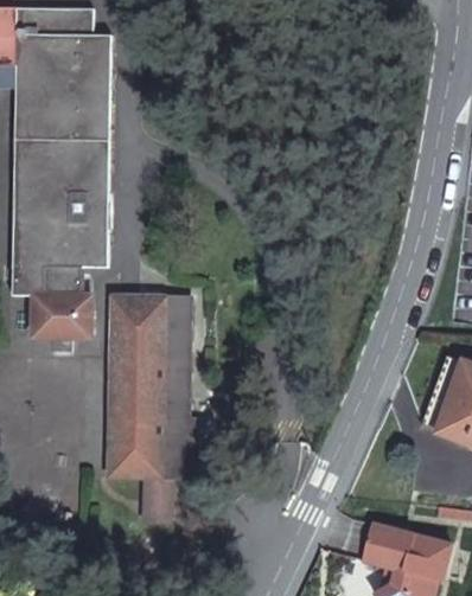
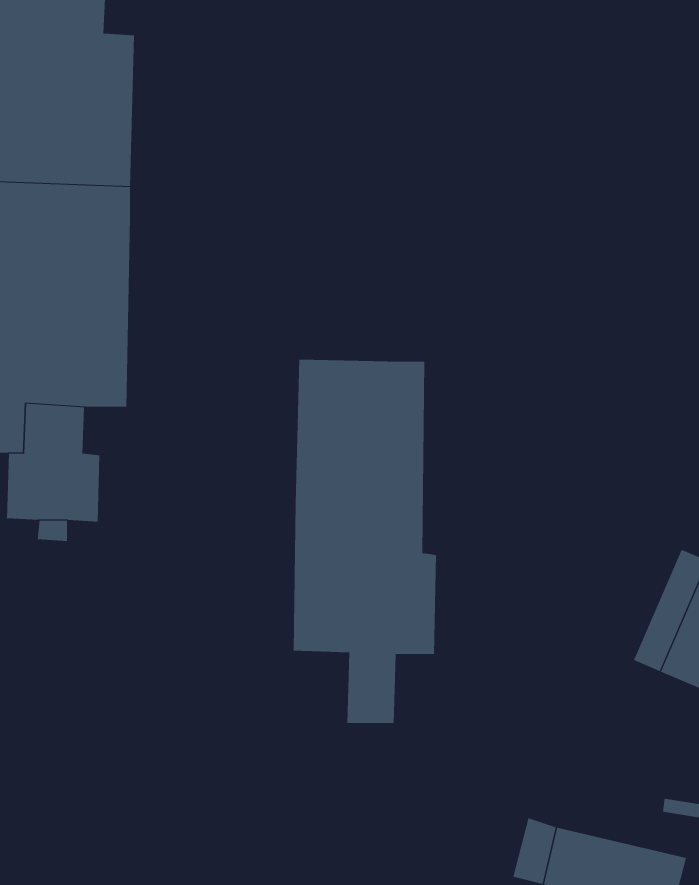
building: [106,295,194,520] -> [293,359,437,724]

